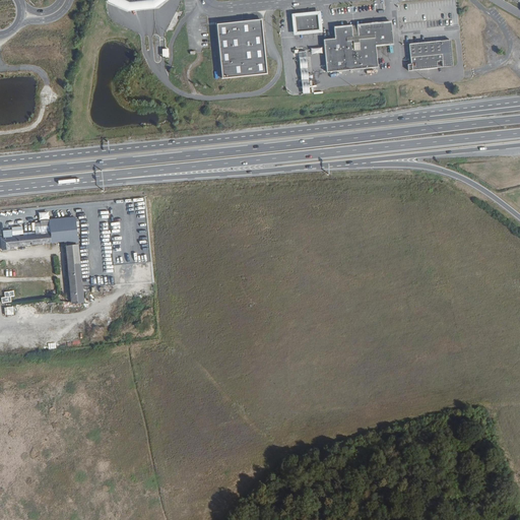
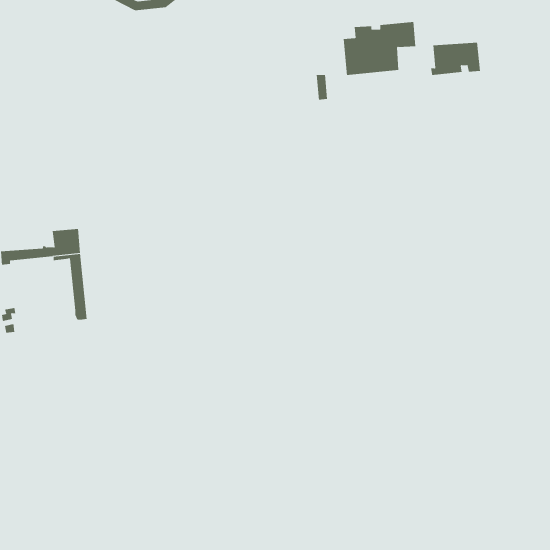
building: [295,11,321,30] -> none
building: [216,18,266,76] -> none

